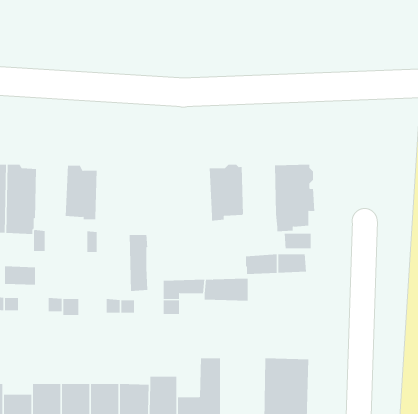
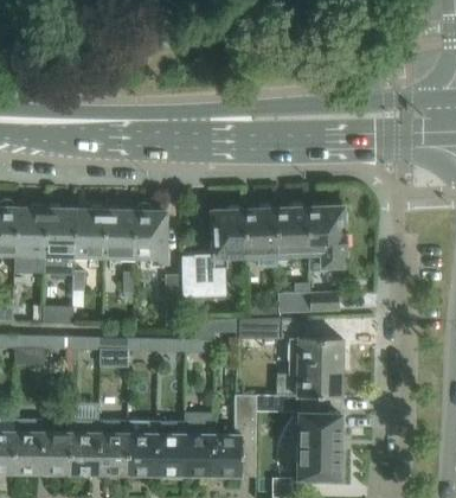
building: none -> [134,204,165,267]
building: none -> [277,204,309,261]
building: none -> [75,208,105,260]
building: none -> [194,208,246,285]
building: none -> [277,339,343,397]

